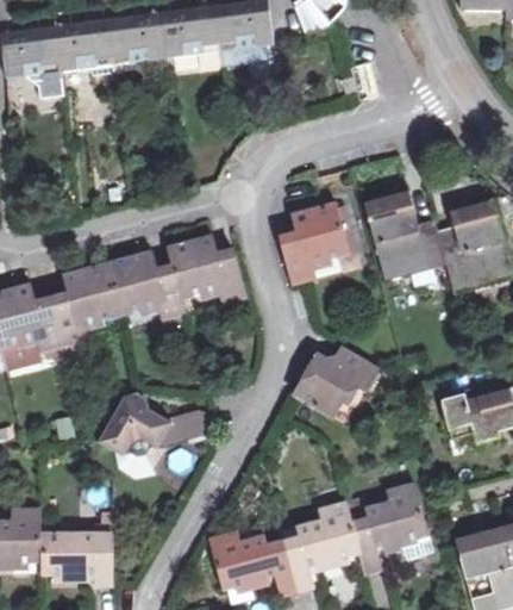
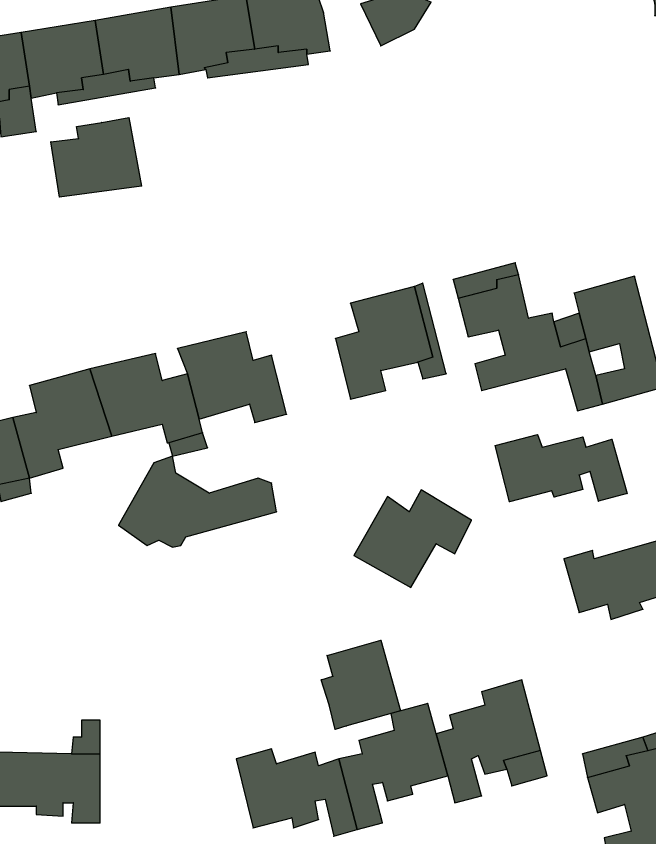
building: none -> [51,118,142,197]
building: none -> [495,435,627,502]
building: [98,392,209,456] -> [119,456,277,547]
building: none -> [321,640,401,729]

